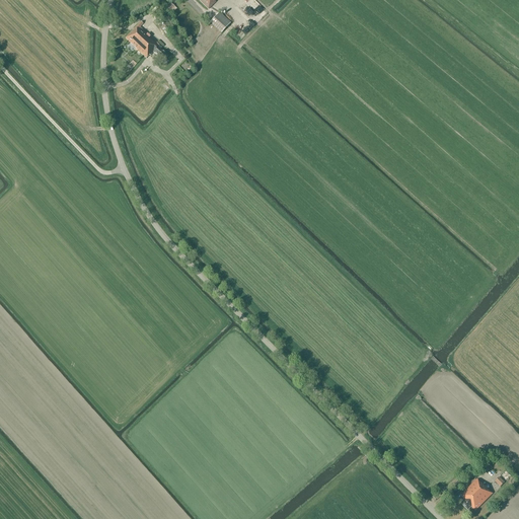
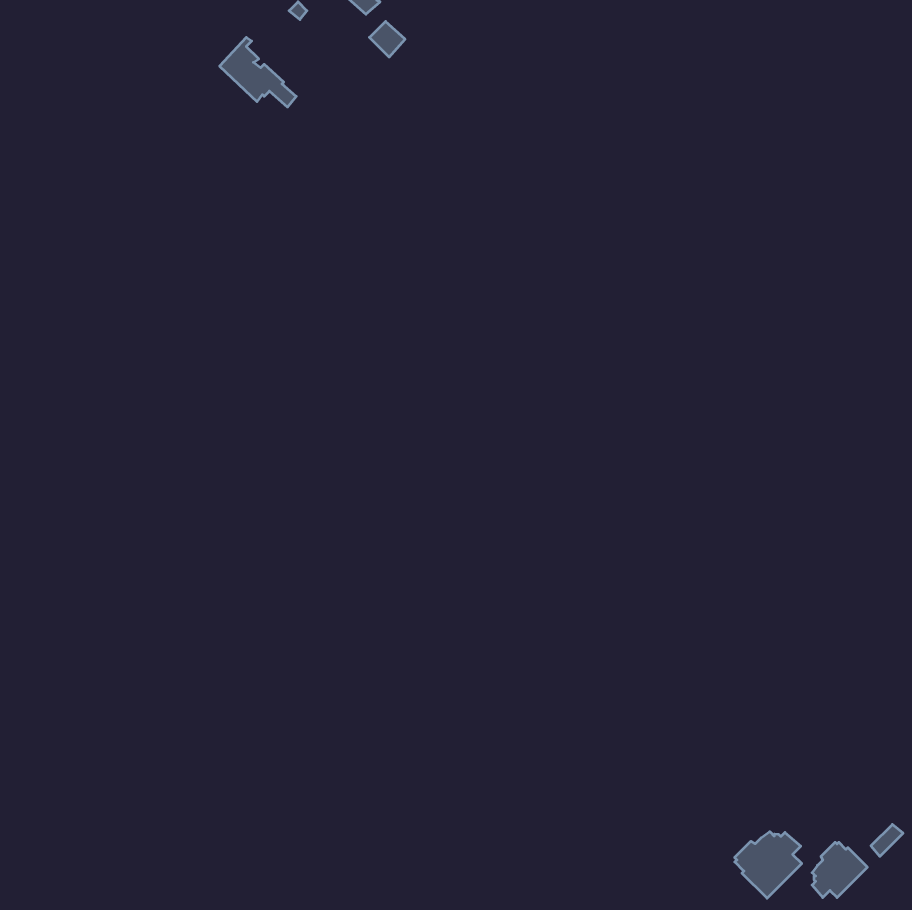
building: none -> [735,832,802,898]

